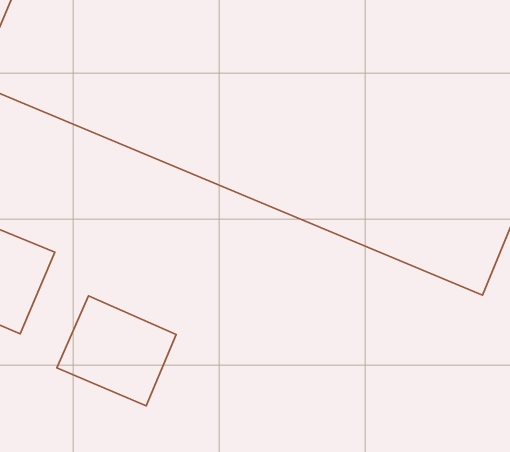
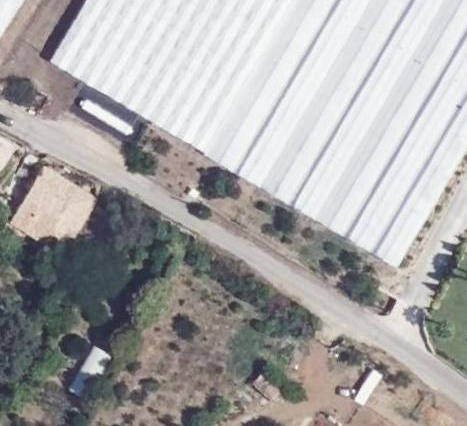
building: [57,296,176,406] -> none

